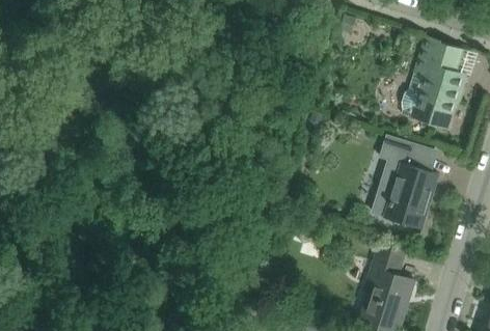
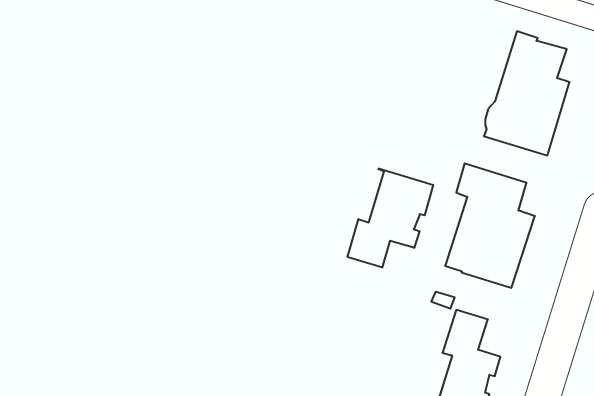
building: none -> [348,168,433,268]

